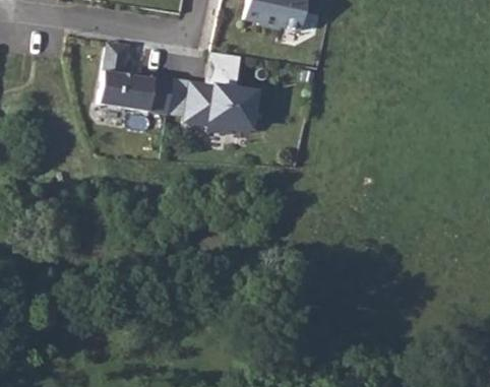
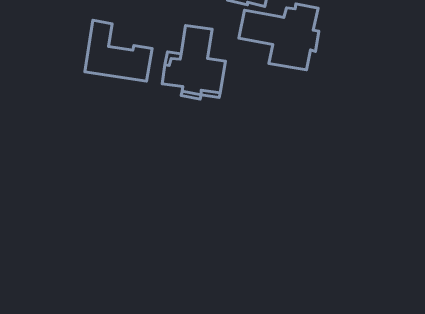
building: none -> [239,4,319,70]

